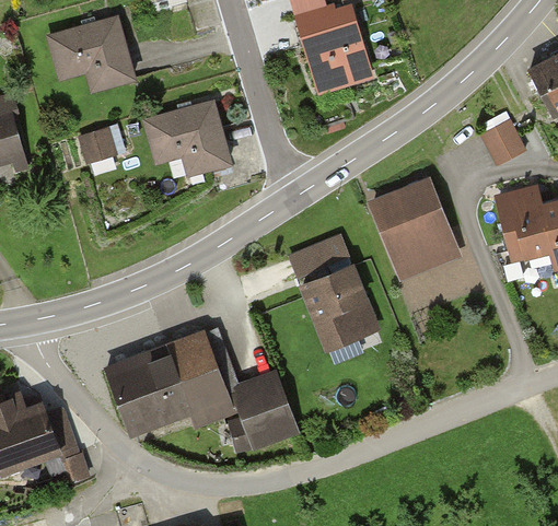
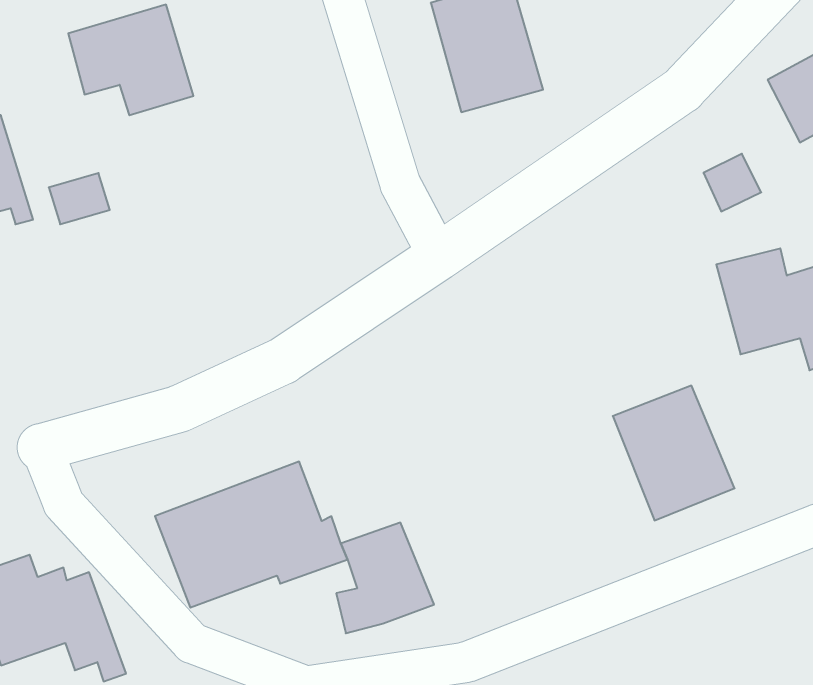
building: [144,100,230,175] -> none
building: [77,127,118,162] -> [49,173,110,224]
building: [374,182,457,273] -> [613,386,735,520]
building: [291,235,348,276] -> none
building: [304,267,375,341] -> none

